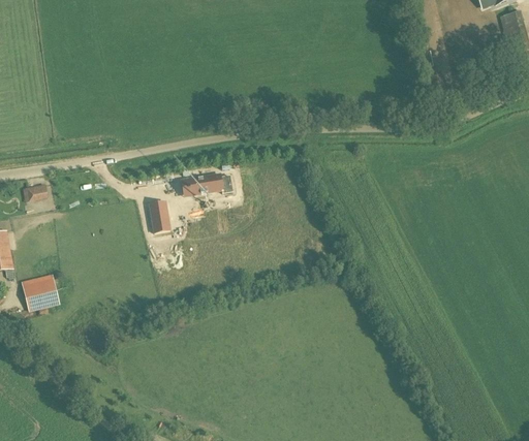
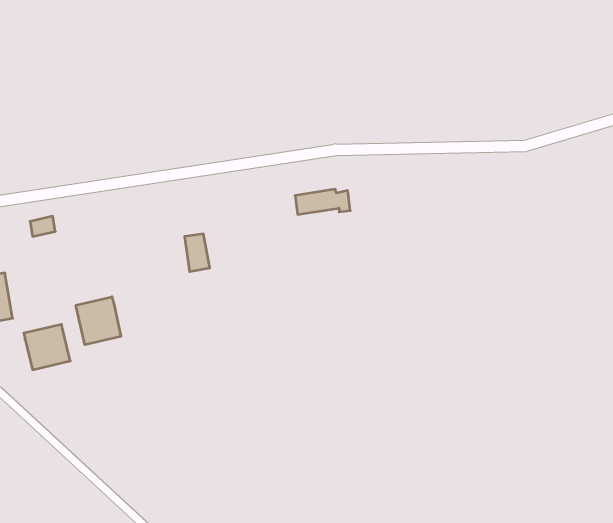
building: [184,172,229,193] -> [295,189,350,214]
building: none -> [76,297,121,345]

